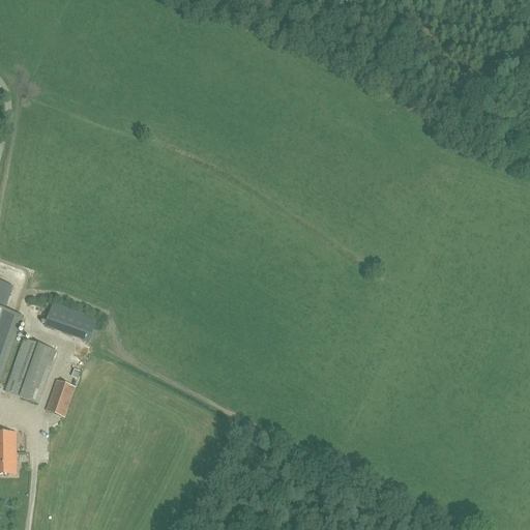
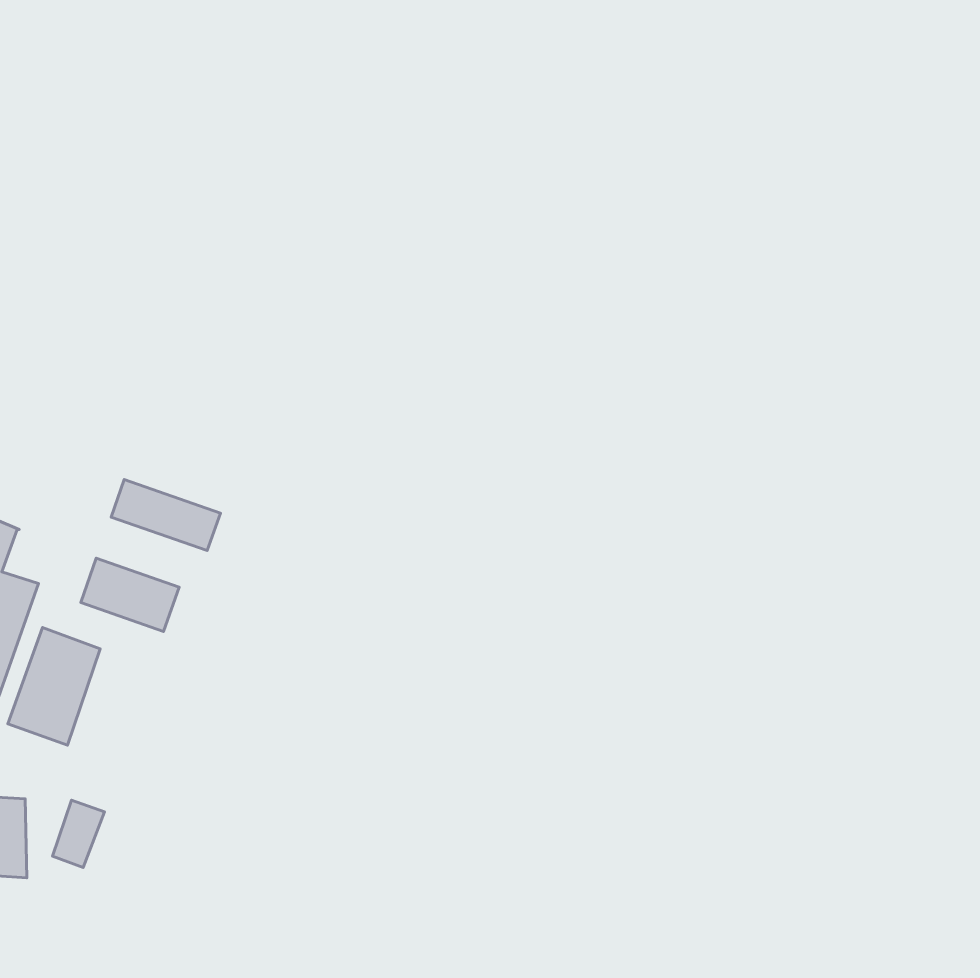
building: none -> [111,480,220,551]
building: [46,379,73,415] -> [52,800,104,868]

